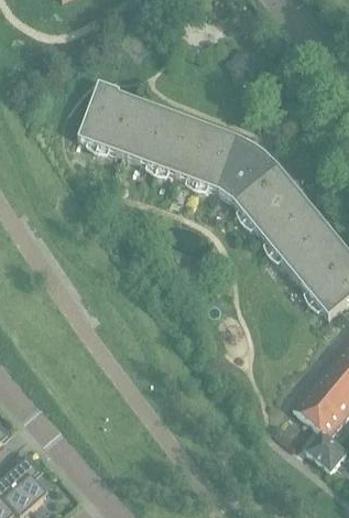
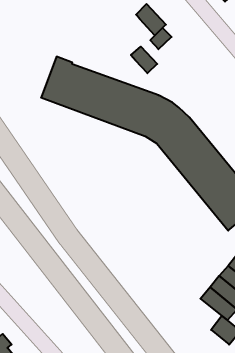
building: none -> [136,4,166,35]
building: none -> [131,47,157,73]

